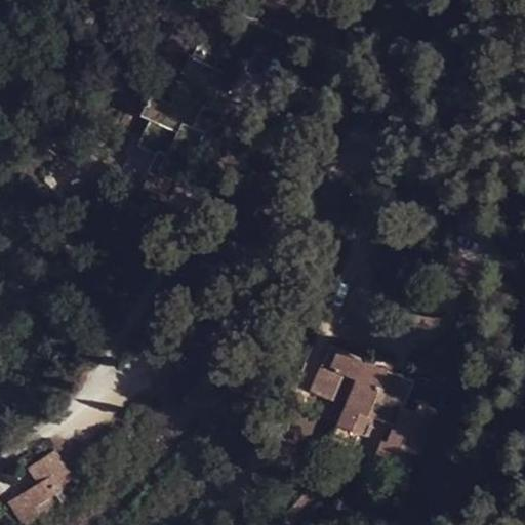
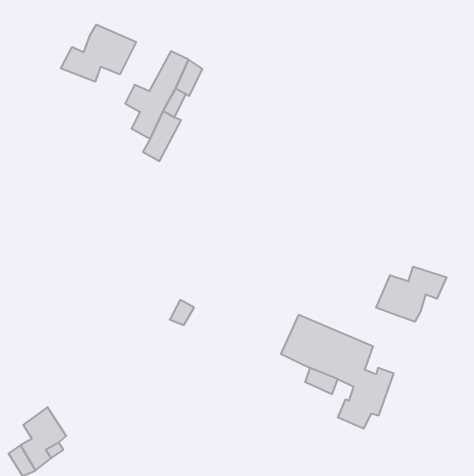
building: none -> [61,25,136,82]
building: none -> [376,267,447,322]

